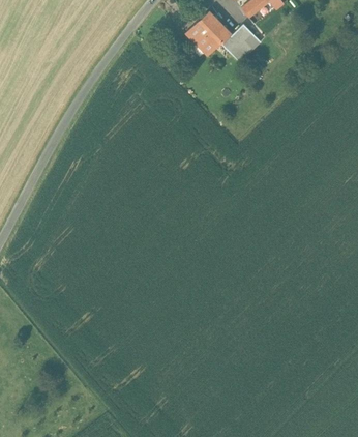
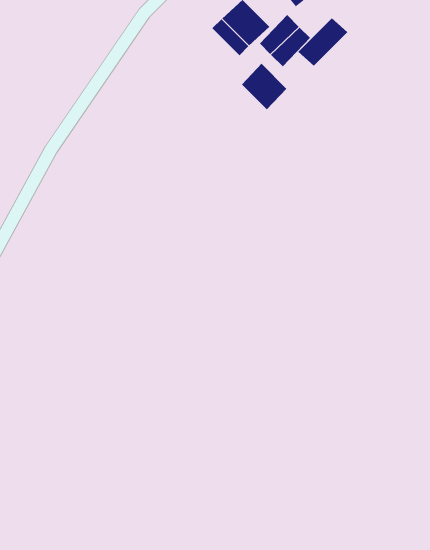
building: none -> [298,18,348,66]
building: none -> [241,63,287,110]

